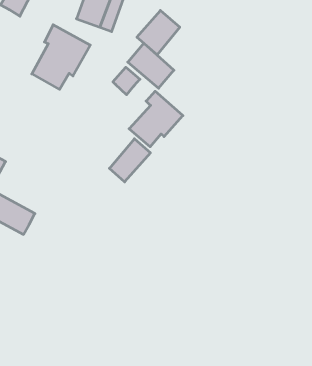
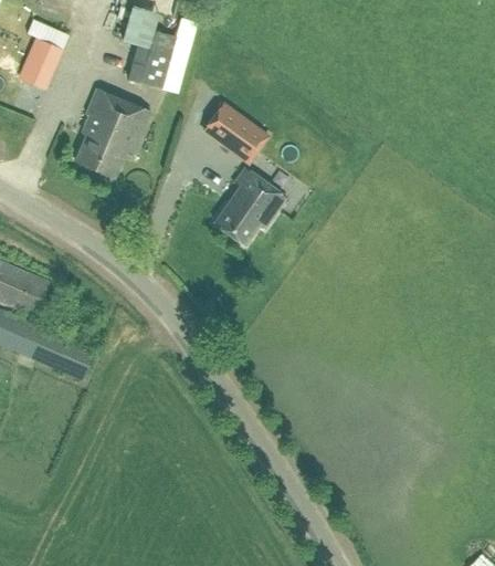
building: [137,10,180,55] -> none
building: [113,67,140,95] -> none
building: [109,139,150,182] -> none

